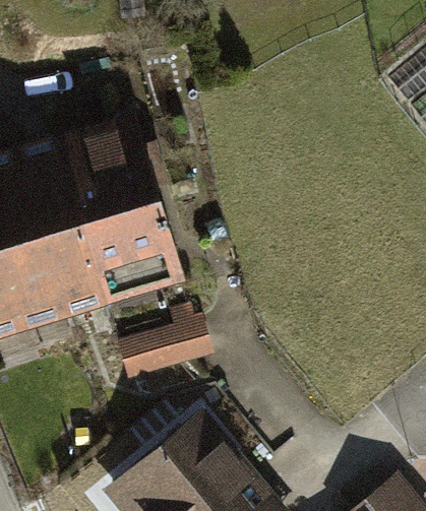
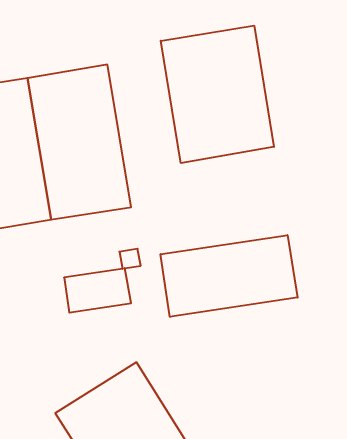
building: none -> [161,26,274,163]
building: none -> [161,235,298,317]

